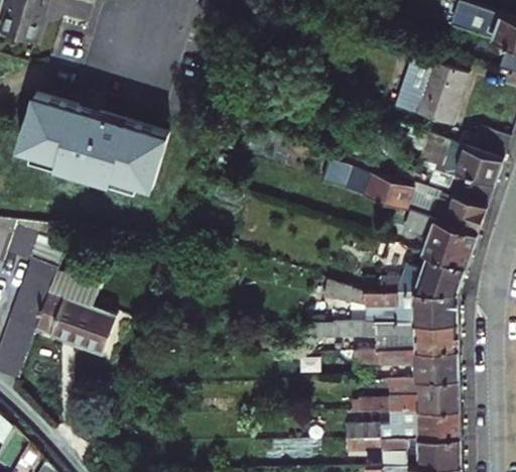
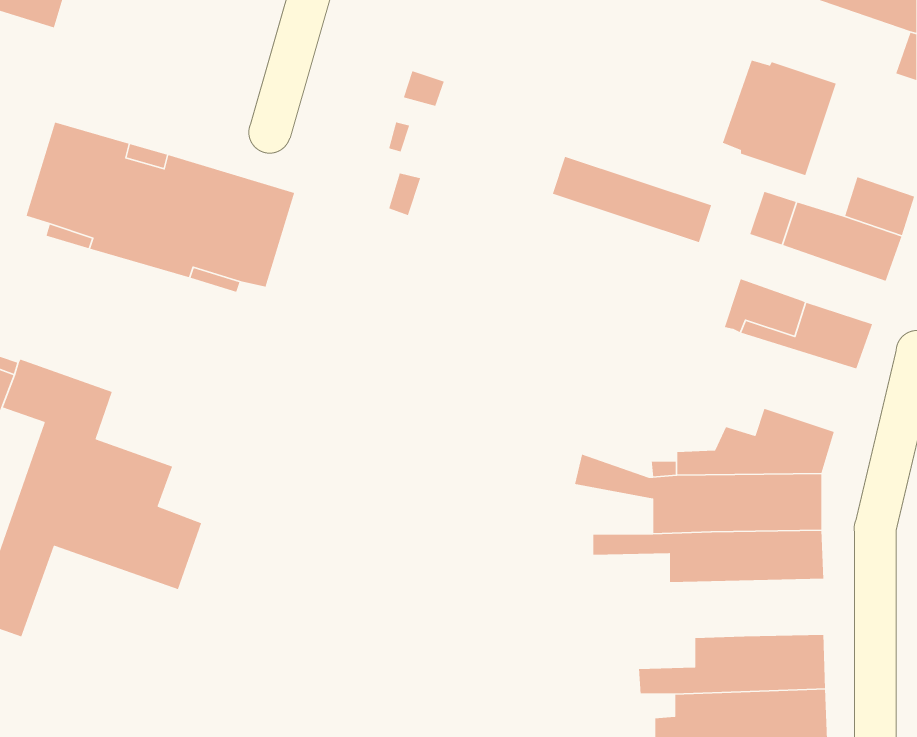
building: [320,160,409,209] -> [552,156,712,243]
building: [431,163,492,207] -> none
building: [401,210,476,266] -> none
building: [350,348,458,379] -> none

